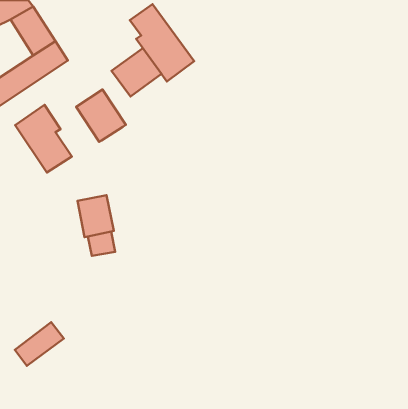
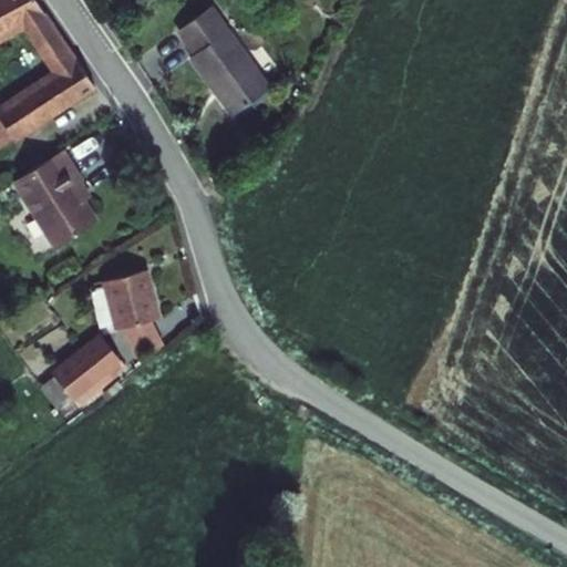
building: [112,48,161,97] -> none
building: [76,89,126,142] -> none
building: [15,322,64,366] -> [54,340,122,400]

